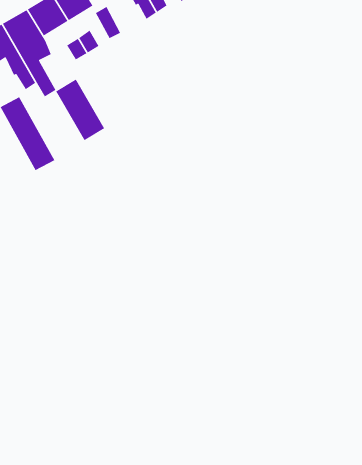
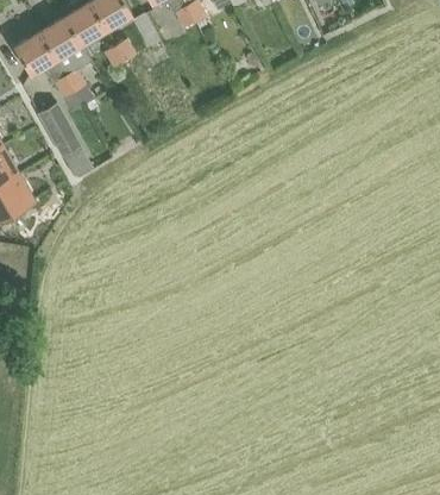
building: [55,79,105,141] -> none

